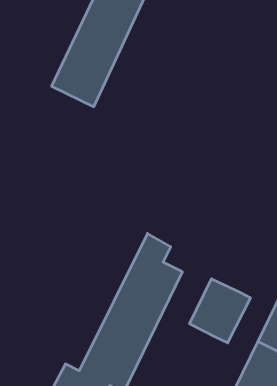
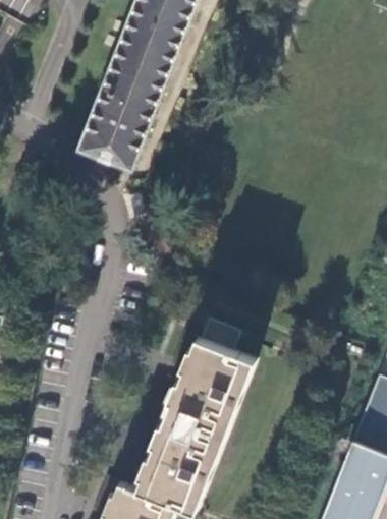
building: [190,279,250,343] -> none

